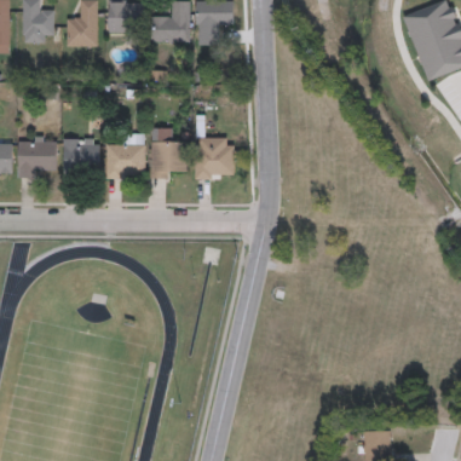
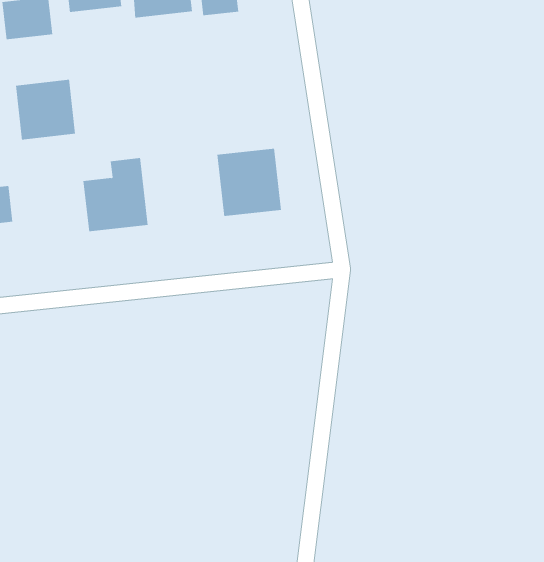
building: [150,134,188,178] -> none
building: [63,138,99,174] -> [15,79,76,140]

